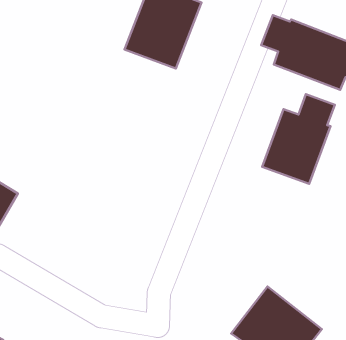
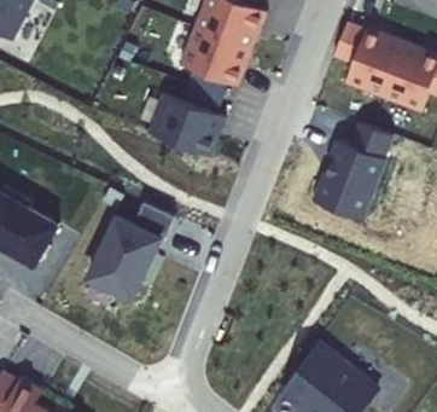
building: none -> [150,97,221,157]
building: none -> [88,203,173,298]

